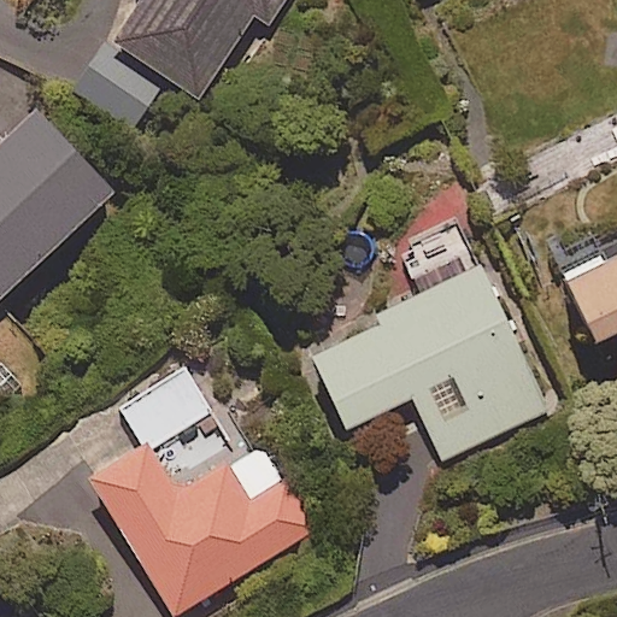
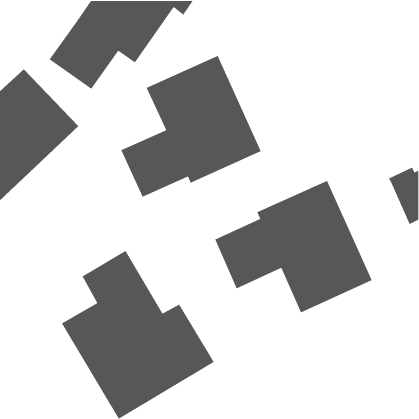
building: none -> [120,55,262,198]

